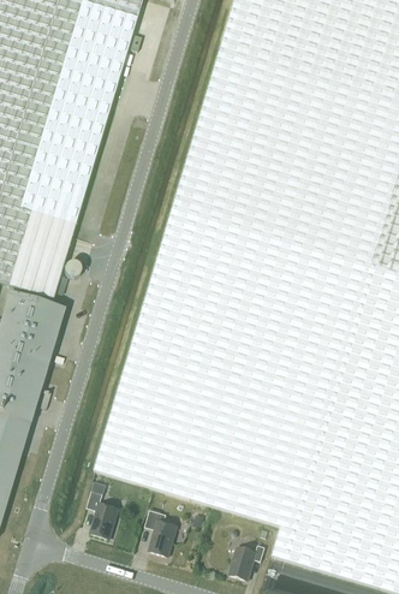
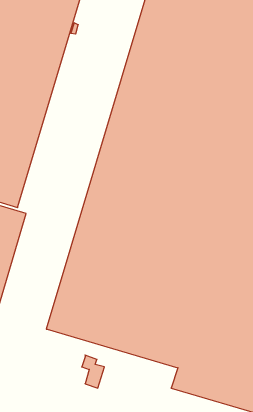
building: [87,489,118,537] -> none
building: [228,545,264,580] -> none

